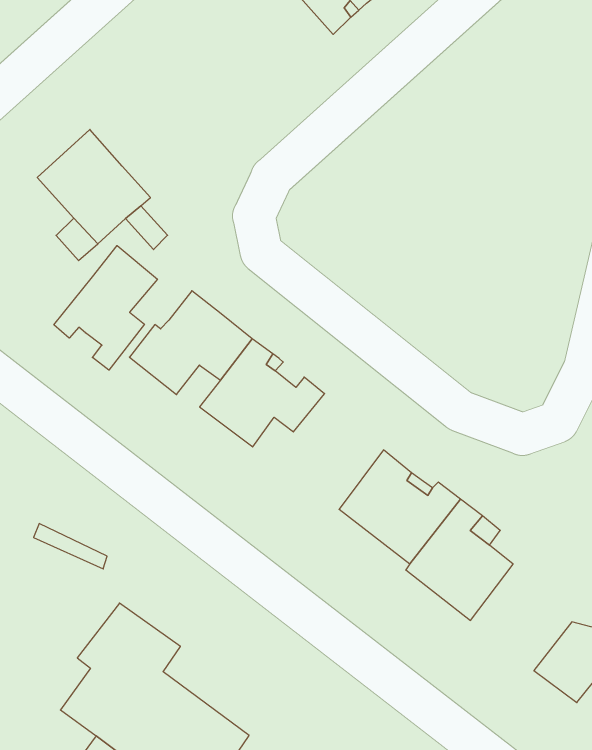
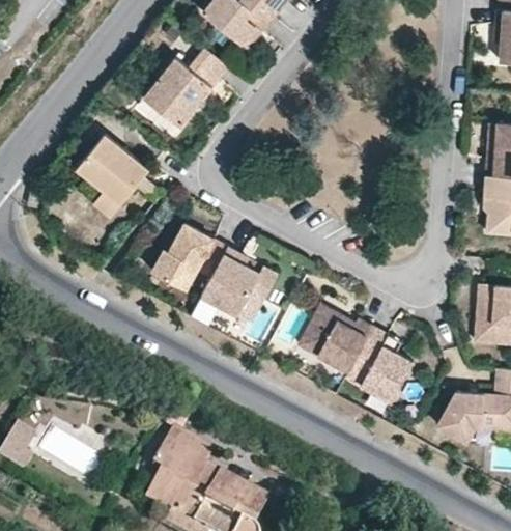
building: none -> [144,49,230,128]
building: [54,246,157,370] -> none

